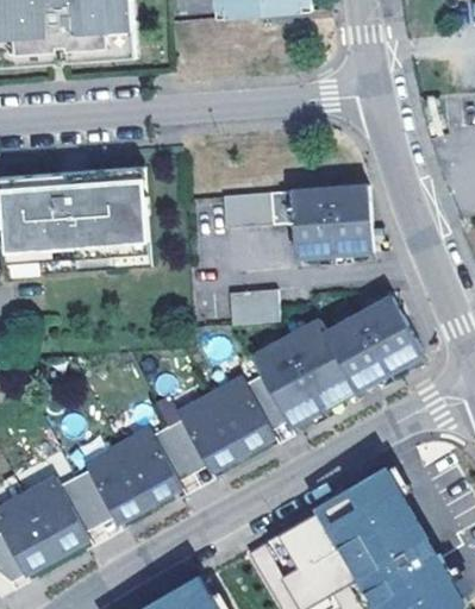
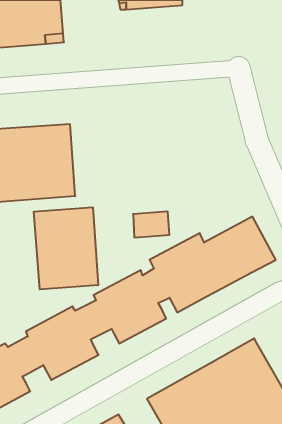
building: [221,187,371,259] -> none
building: none -> [34,207,98,289]

